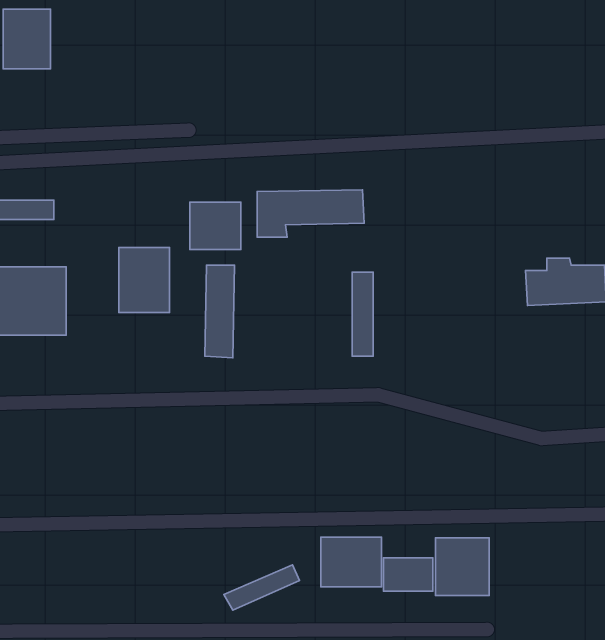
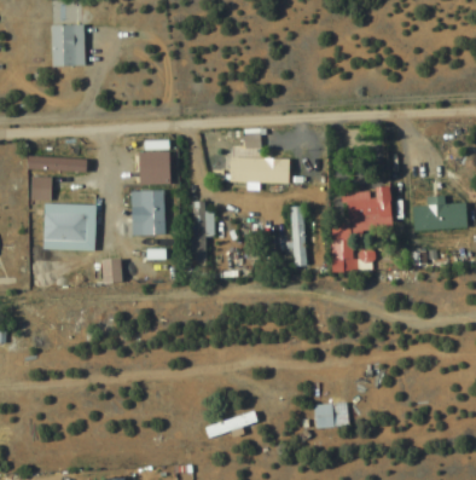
building: [190,202,241,250] -> [135,150,170,183]
building: none -> [332,186,389,271]
building: [321,537,381,587] -> none
building: [436,538,489,595] -> none

